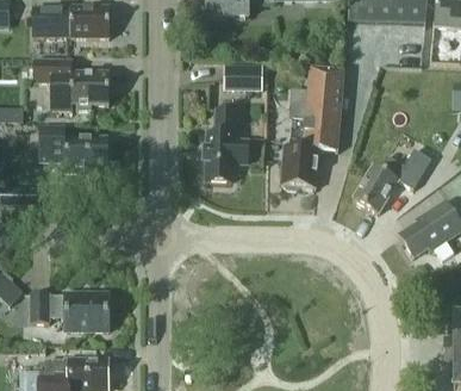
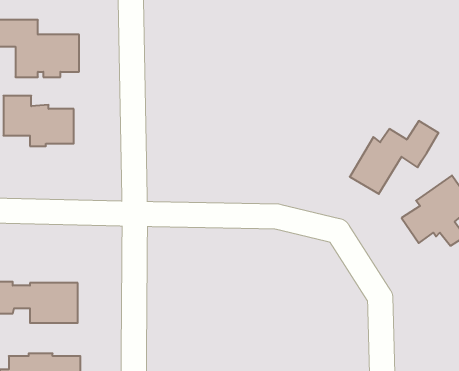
building: [224,63,263,89] -> none
building: [279,66,343,188] -> none
building: [201,107,247,180] -> none

